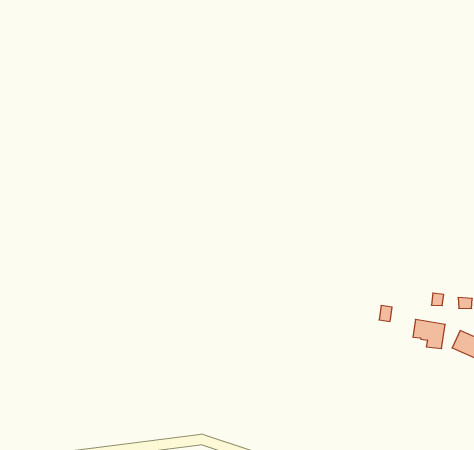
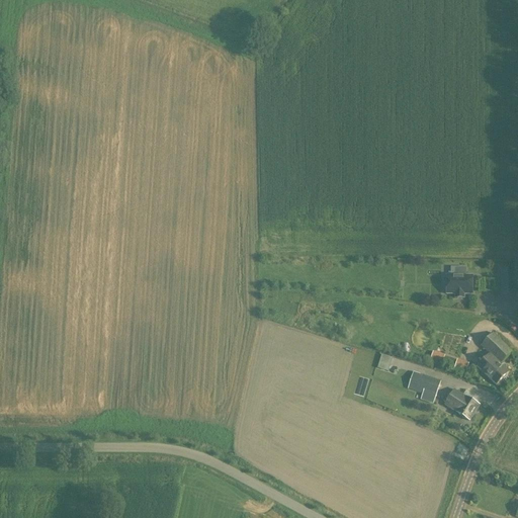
building: none -> [444,265,470,295]

